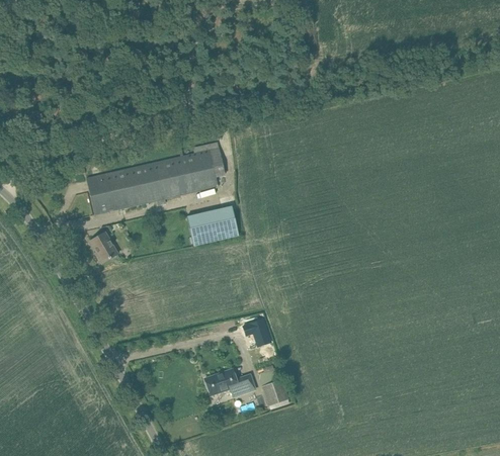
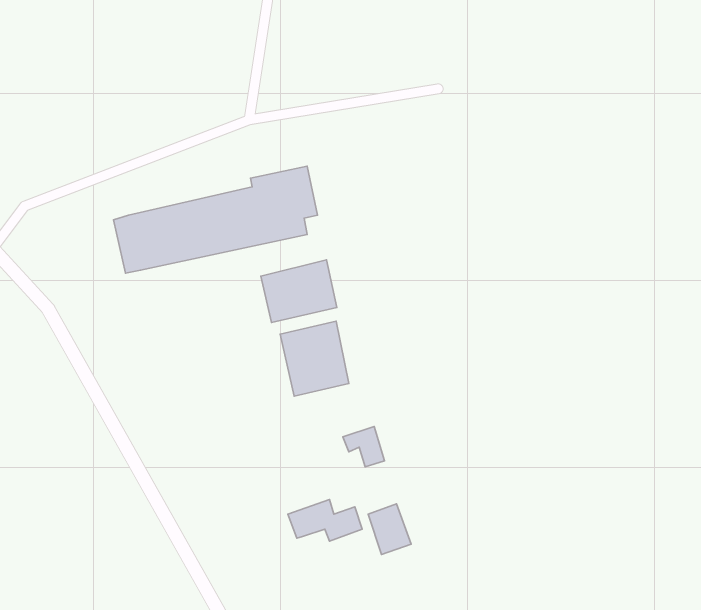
building: [89,232,117,262] -> none
building: none -> [280,321,349,396]

